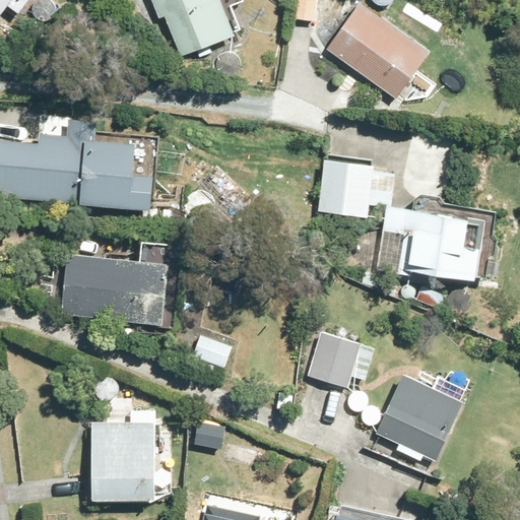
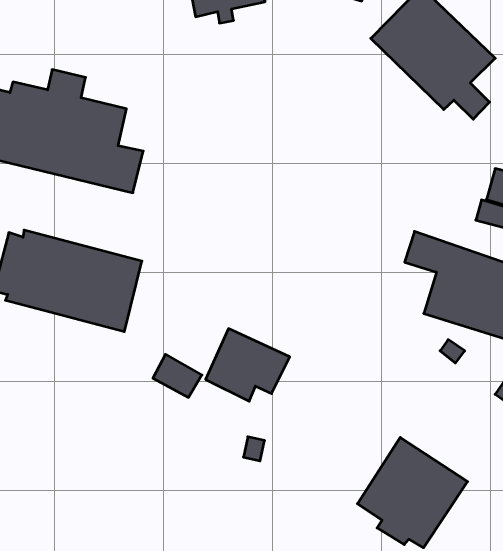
building: [317,159,373,217] -> none
building: [308,332,374,389] -> [206,329,290,401]
building: [91,413,154,501] -> none

